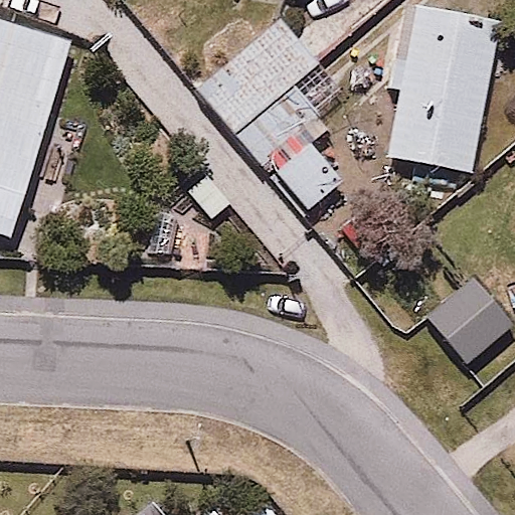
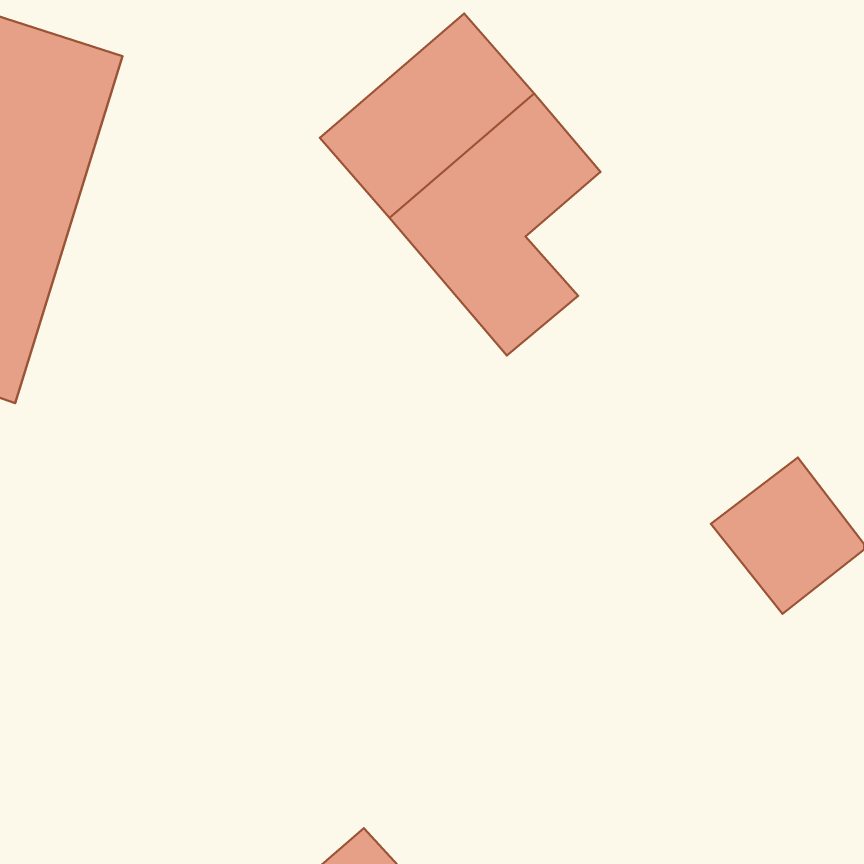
building: [388,13,495,185] -> none

